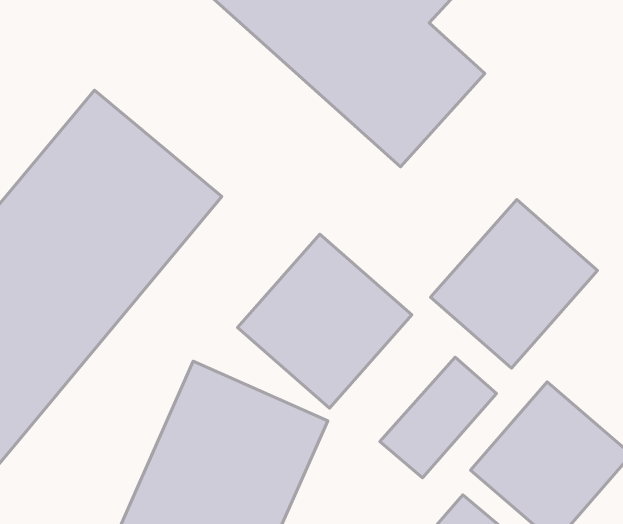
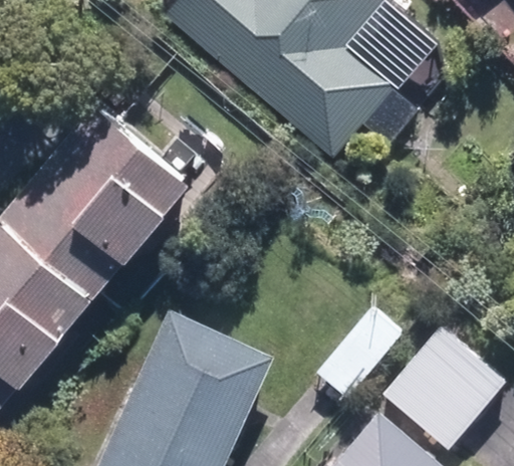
building: [431,200,598,368] -> none
building: [237,234,412,408] -> none

